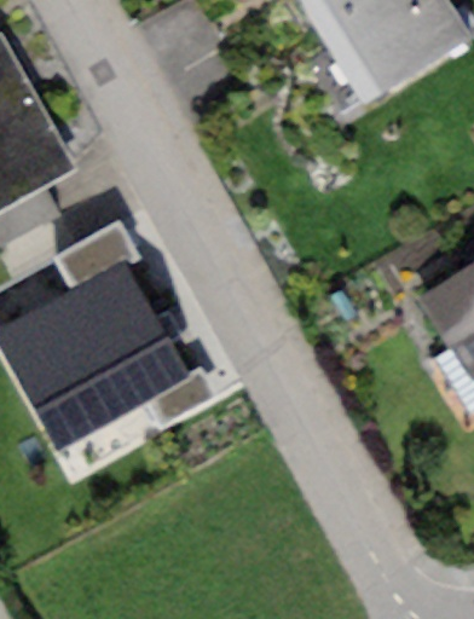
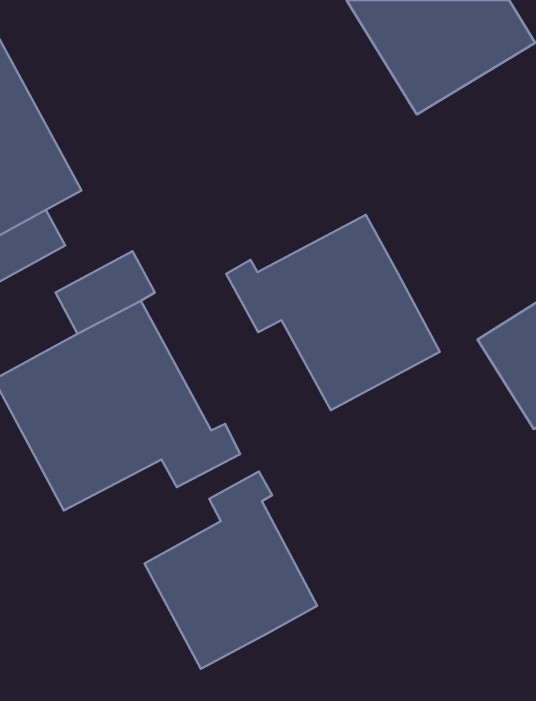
building: none -> [226,215,440,410]
building: none -> [144,471,317,669]

